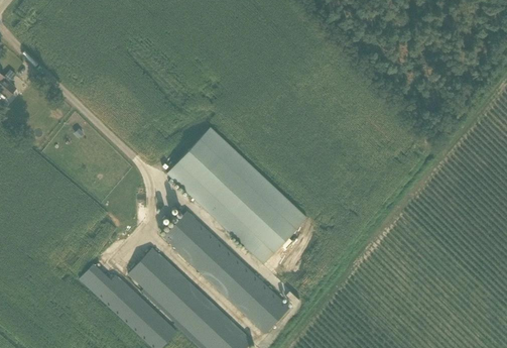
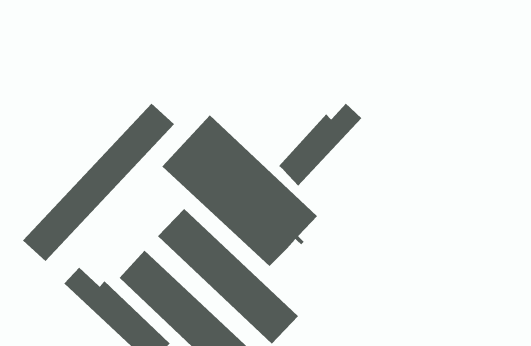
building: none -> [278,103,362,186]
building: none -> [22,103,175,262]

